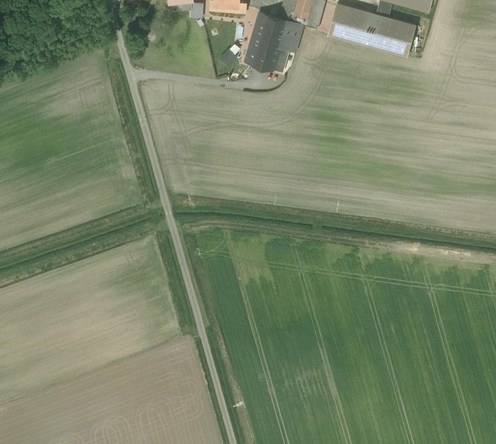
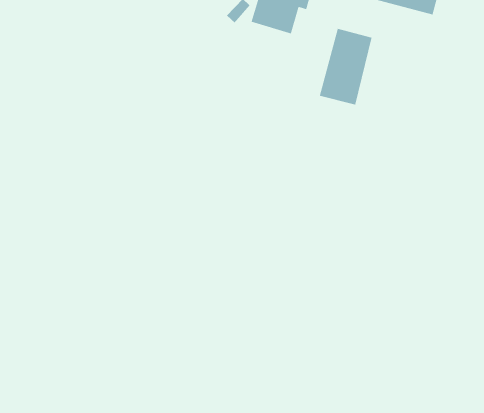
building: none -> [319,28,372,105]

